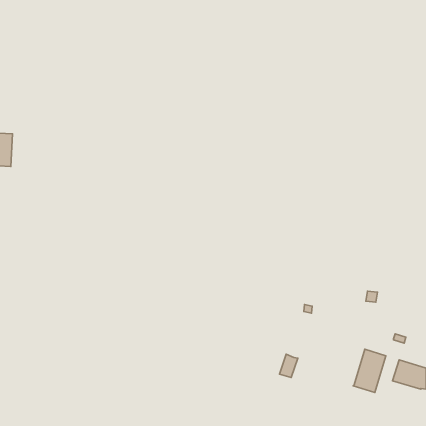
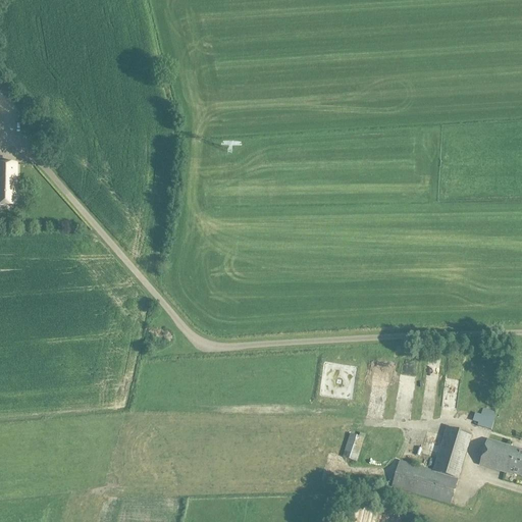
building: none -> [389,459,457,504]

